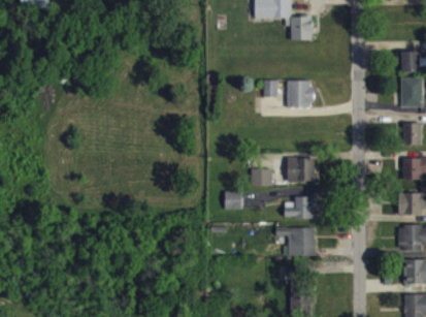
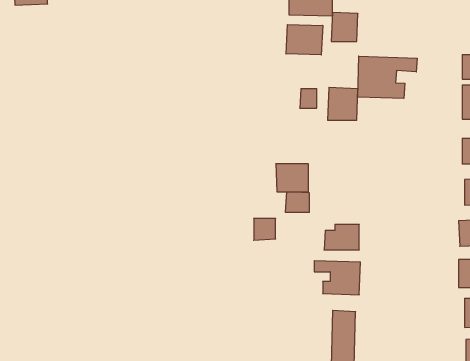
building: none -> [286,25,323,55]
building: none -> [358,56,417,98]
building: [287,158,315,182] -> [276,164,308,192]

